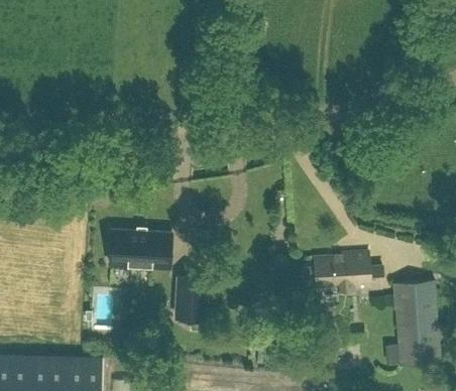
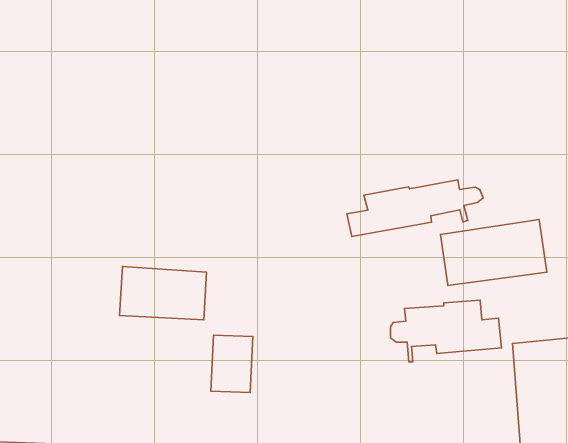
building: none -> [347,180,483,237]
building: none -> [440,219,547,286]

